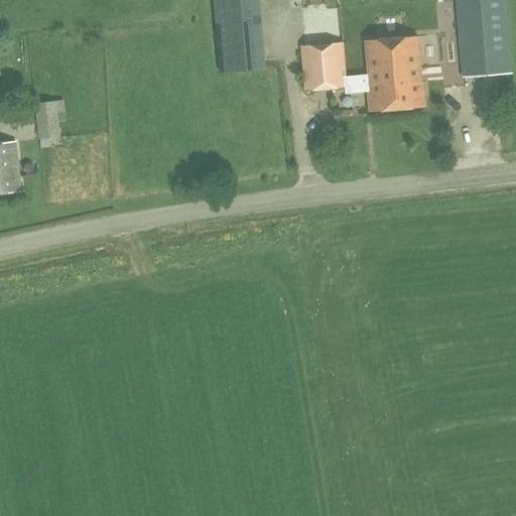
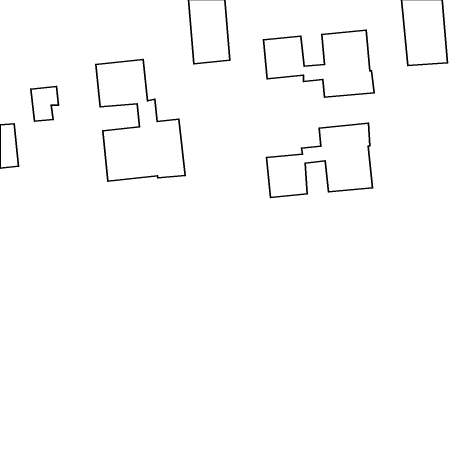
building: none -> [96,59,185,181]
building: none -> [266,123,372,197]

